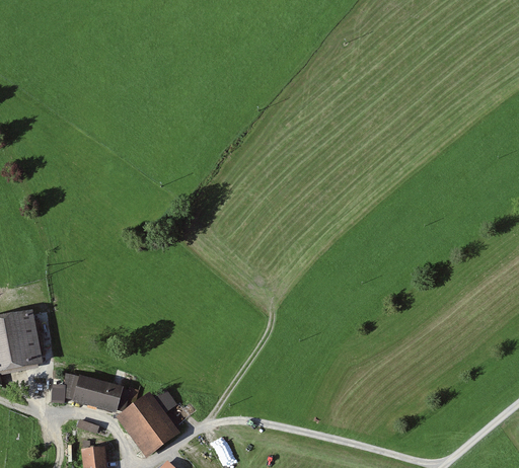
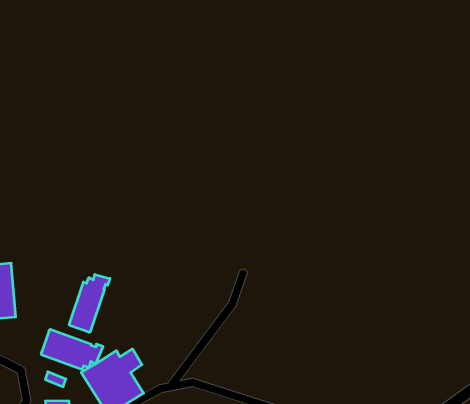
building: none -> [69,274,110,332]
building: [51,372,78,403] -> none

